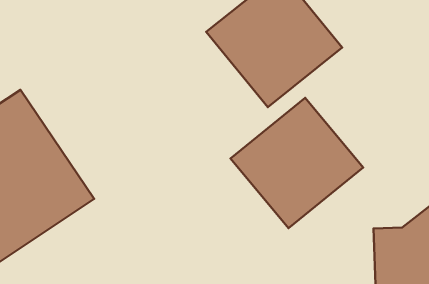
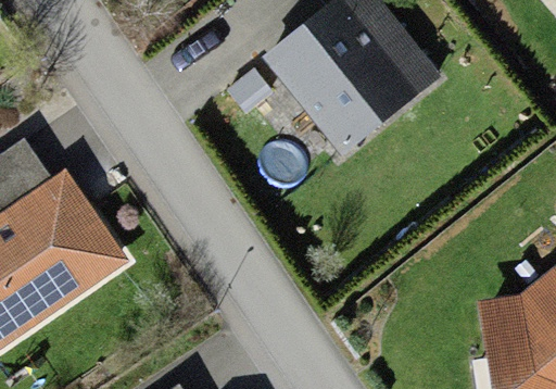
building: [231,98,363,228] -> none

